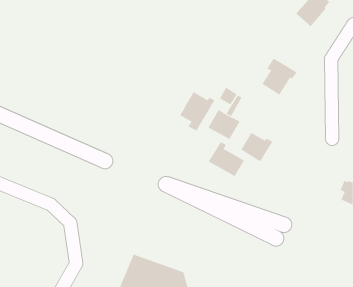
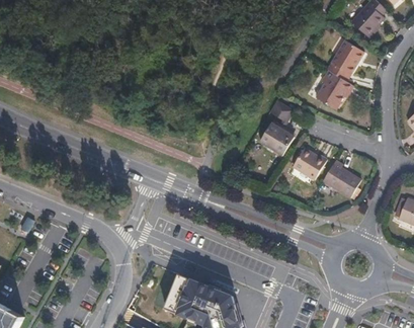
building: none -> [325,40,361,80]
building: [180,91,215,131] -> none
building: [208,141,245,177] -> [321,159,359,196]

